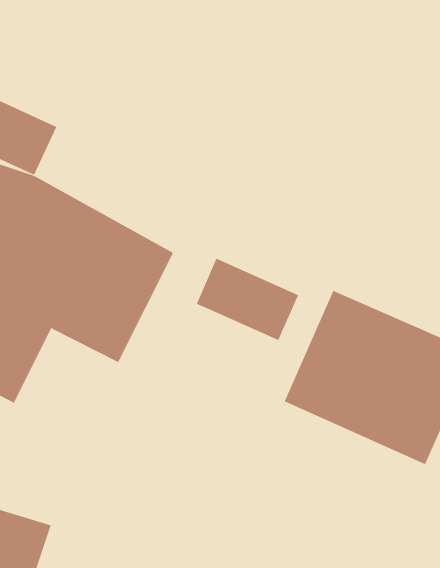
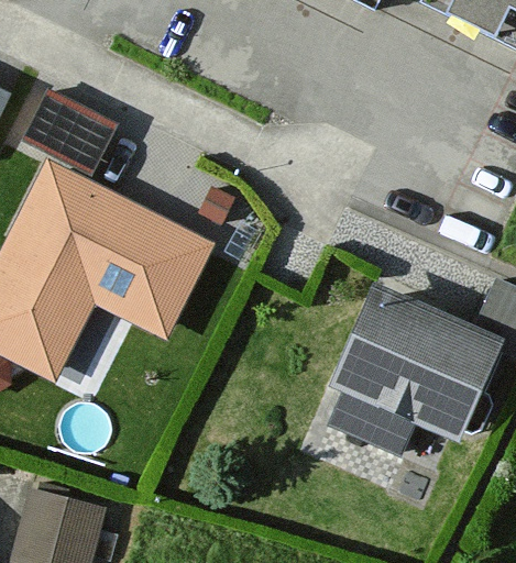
building: [196,258,299,341] -> none

